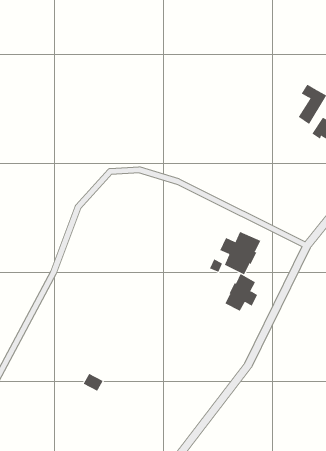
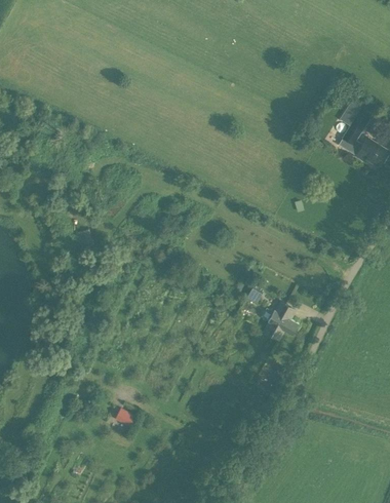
building: [219,231,261,275] -> none

